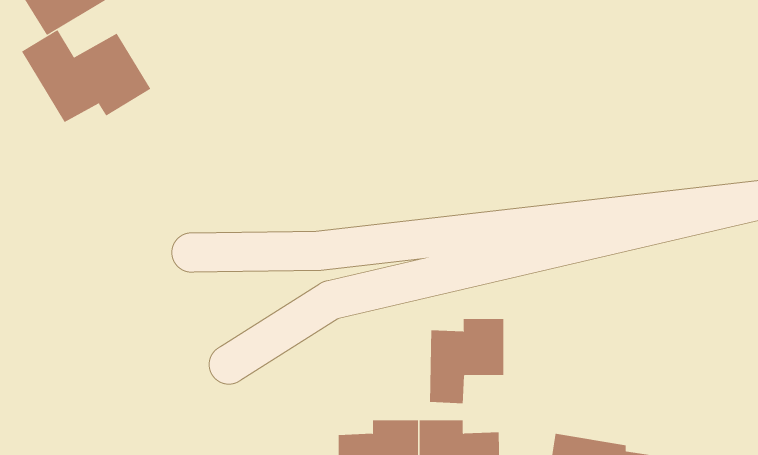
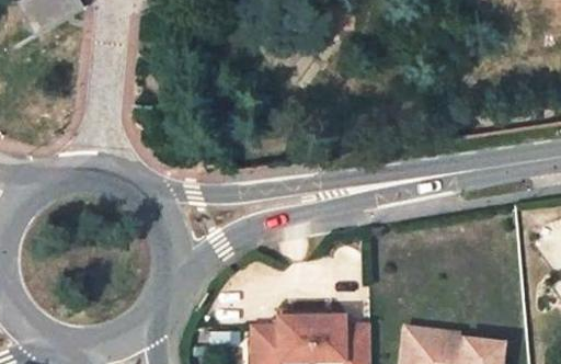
building: [21,29,151,123] -> none
building: [429,318,504,404] -> none

